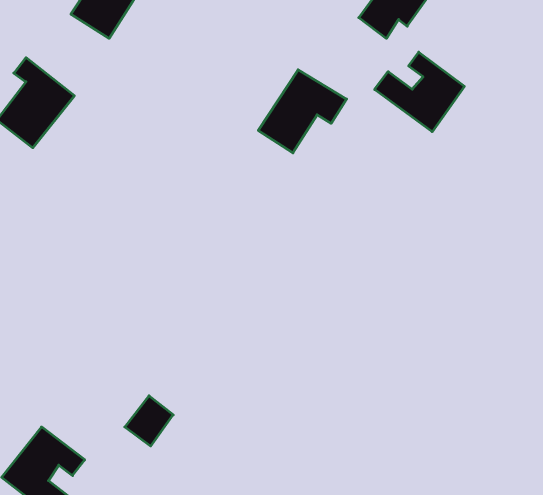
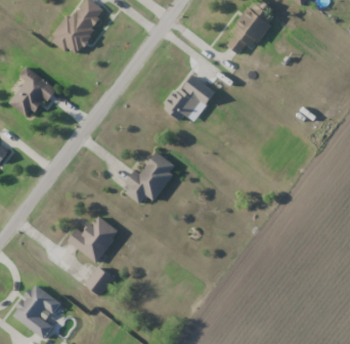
building: [375,52,464,132] -> none
building: none -> [127,152,178,204]
building: none -> [69,216,120,262]

